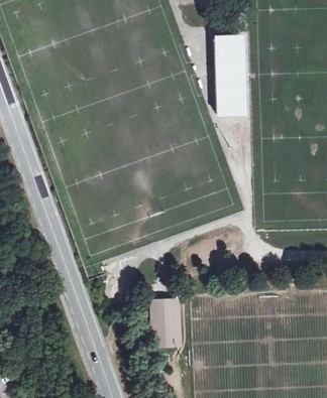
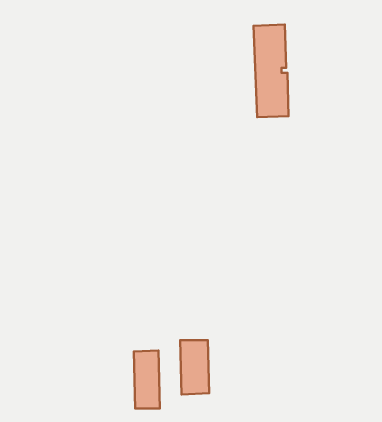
building: none -> [134,350,160,408]

